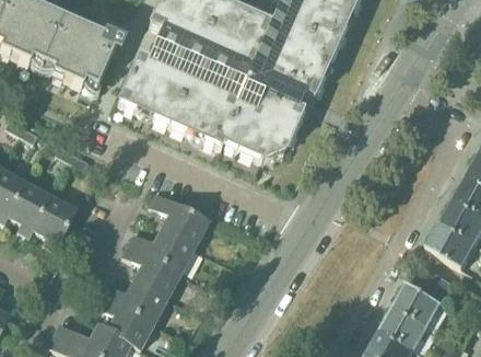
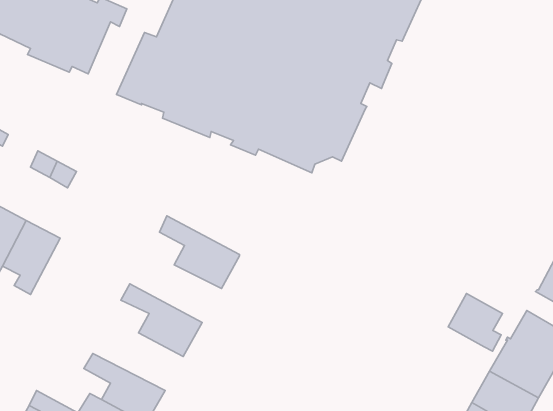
building: [127,227,195,269] -> none
building: none -> [448,294,502,351]
building: [99,277,166,320] -> none

